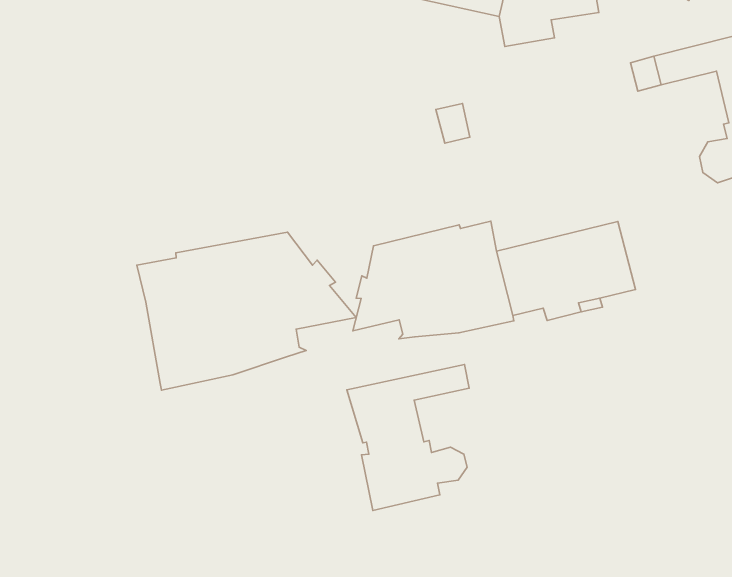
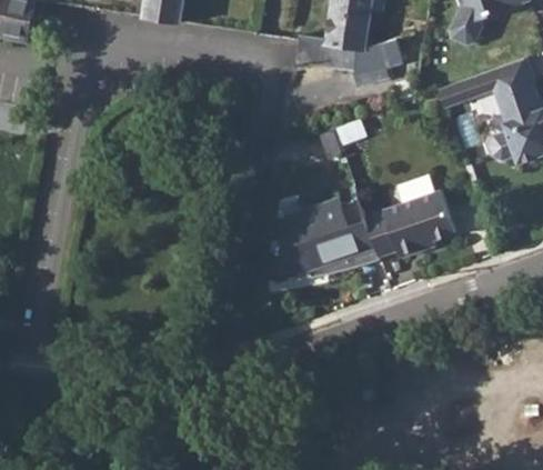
building: [137,232,356,390] -> none
building: [347,365,469,510] -> none

